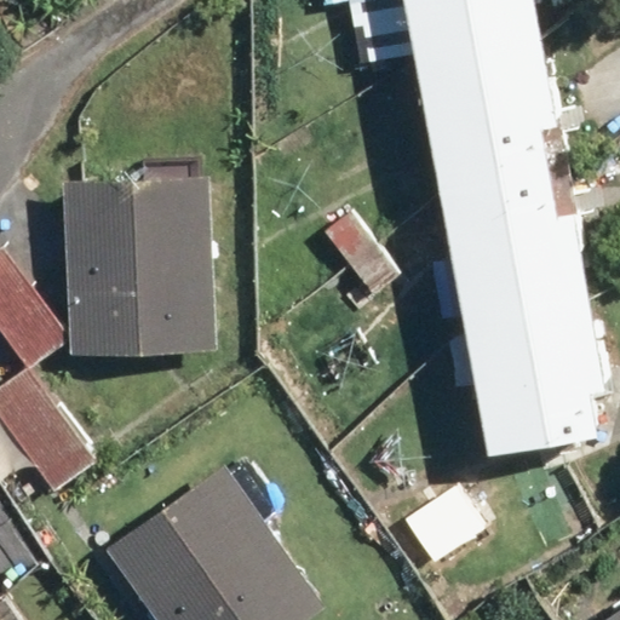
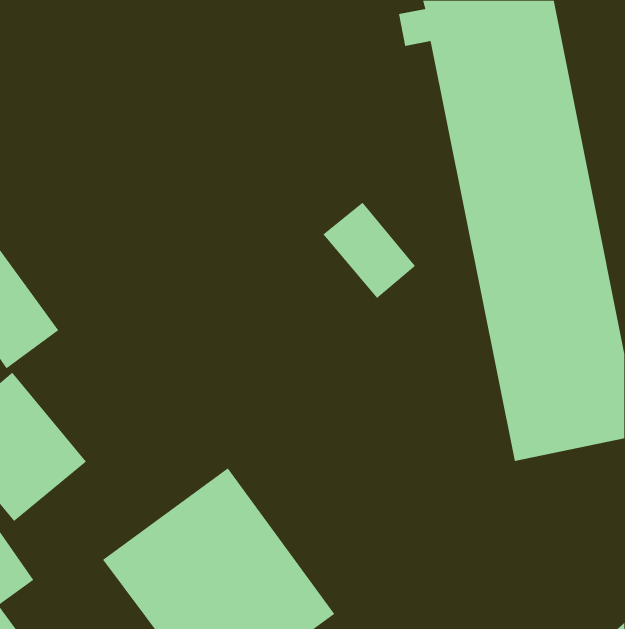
building: [59,176,216,355] -> none

